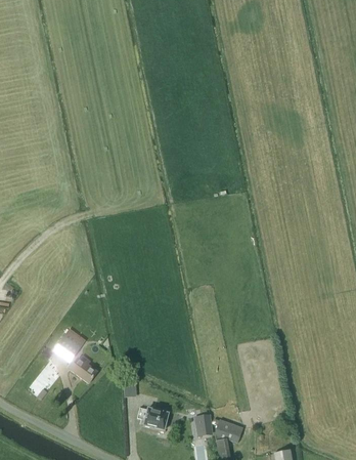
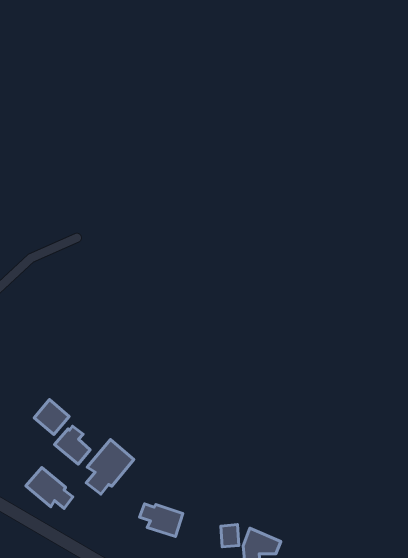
building: none -> [86,440,134,494]
building: none -> [26,468,73,508]

